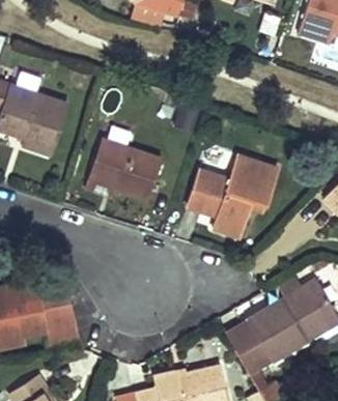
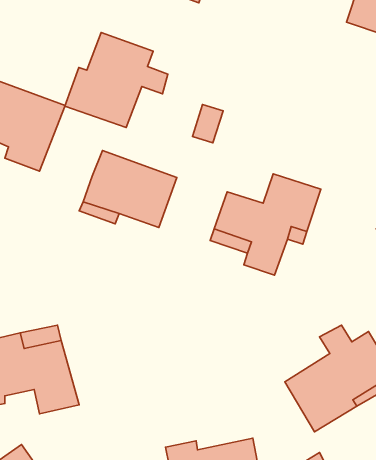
building: none -> [65,33,168,128]
building: [225,323,272,378] -> none

